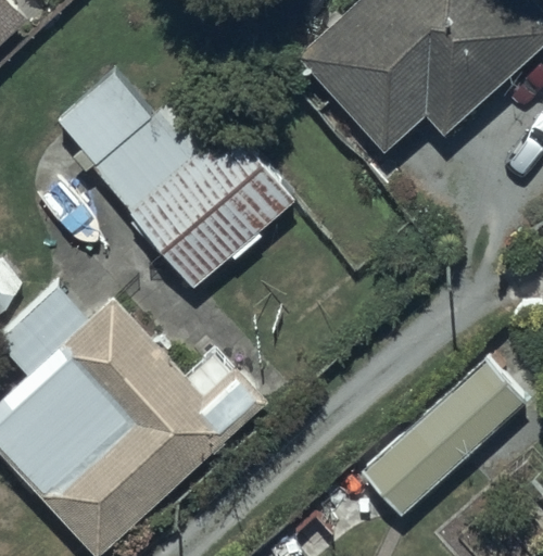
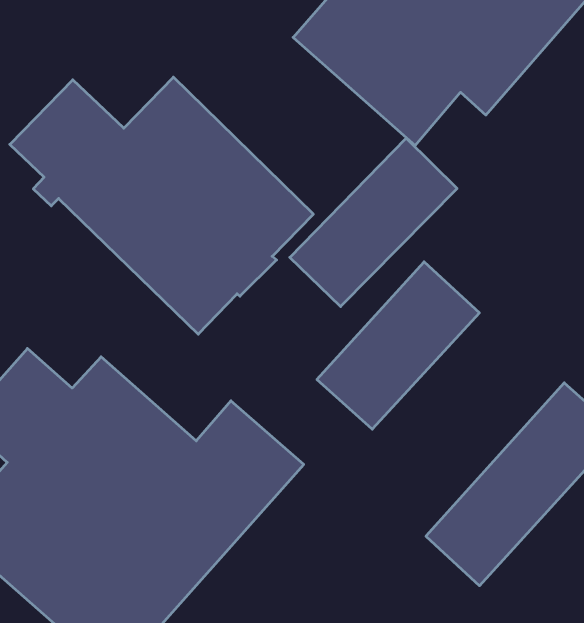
building: none -> [290,138,457,307]
building: none -> [317,262,479,429]

